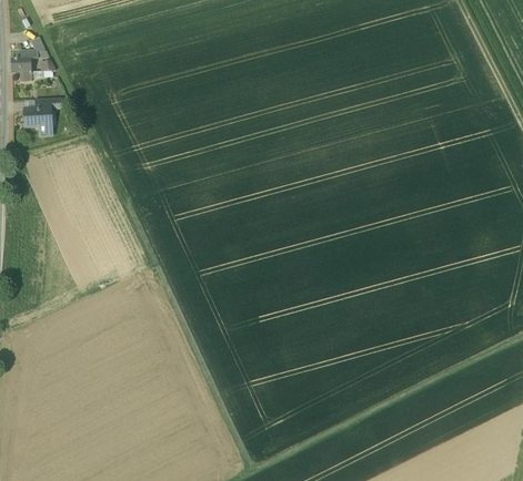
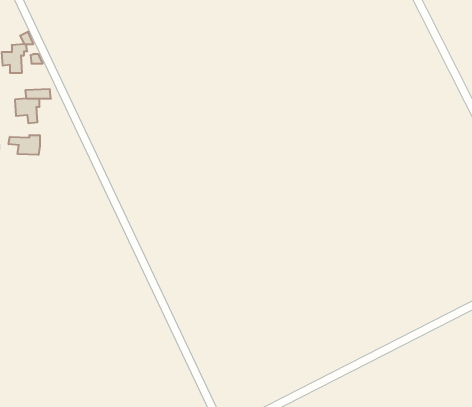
building: none -> [9,135,40,155]

